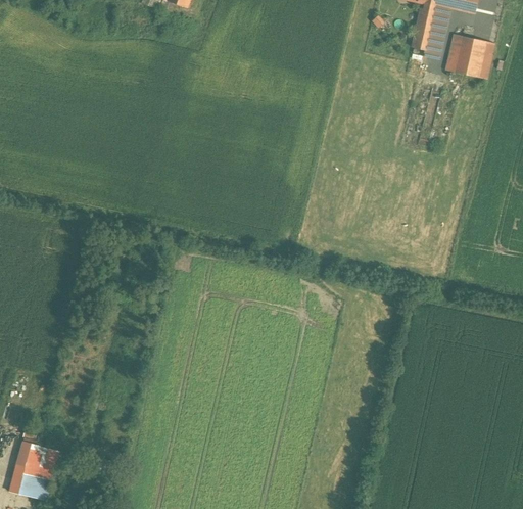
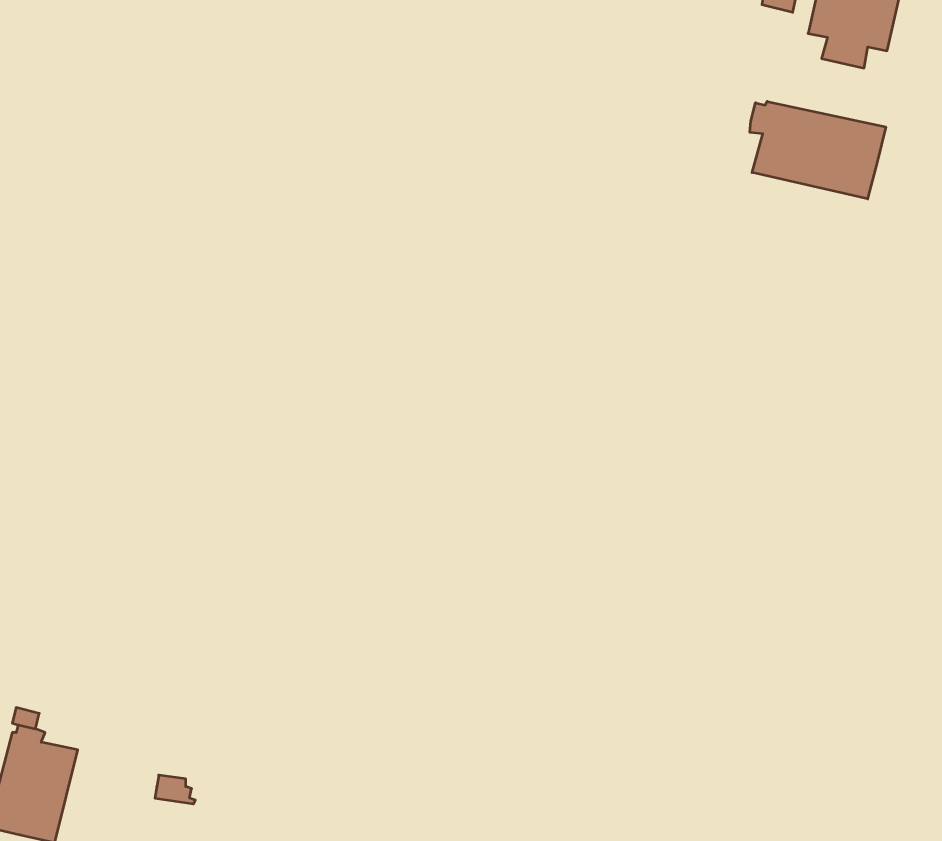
building: none -> [750,101,886,199]

